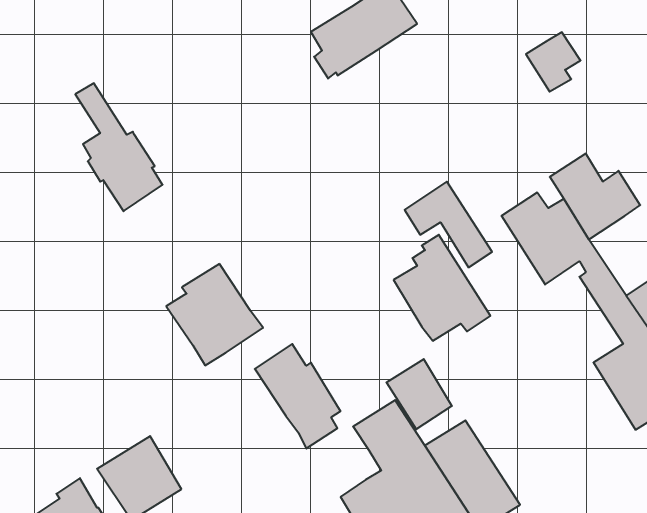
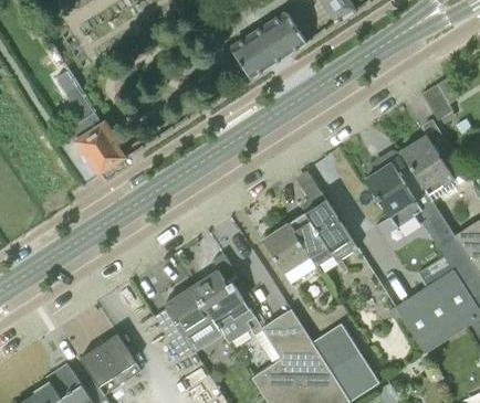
building: [526,32,581,92] -> [421,78,460,120]
building: [166,264,263,365] -> [154,287,222,359]
building: [386,359,452,429] -> [263,224,310,274]
building: none -> [395,283,461,353]

